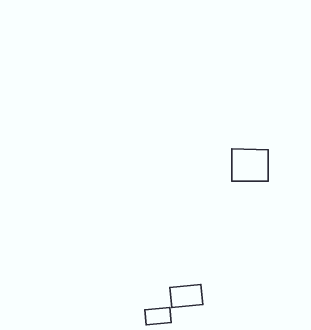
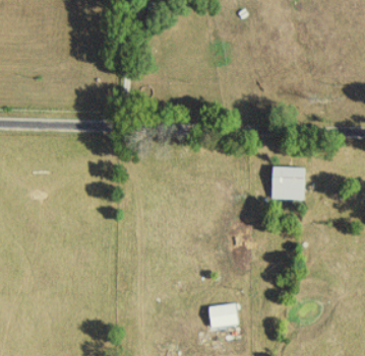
building: [145,307,171,325] -> none

